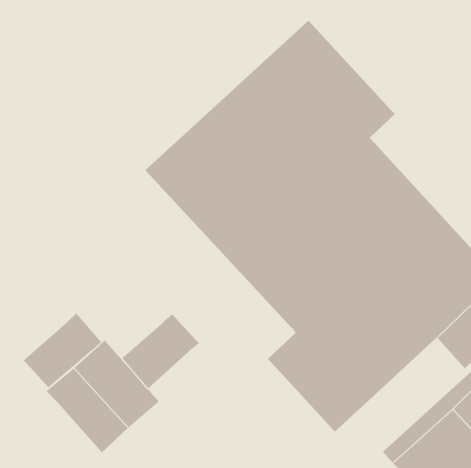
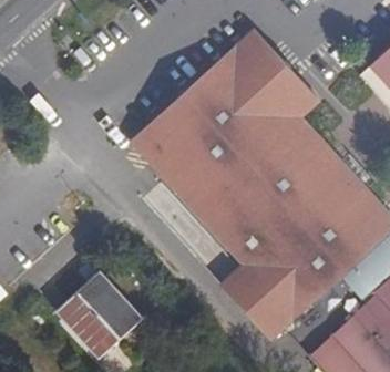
building: [23,313,102,388] -> none
building: [122,313,200,389] -> none

